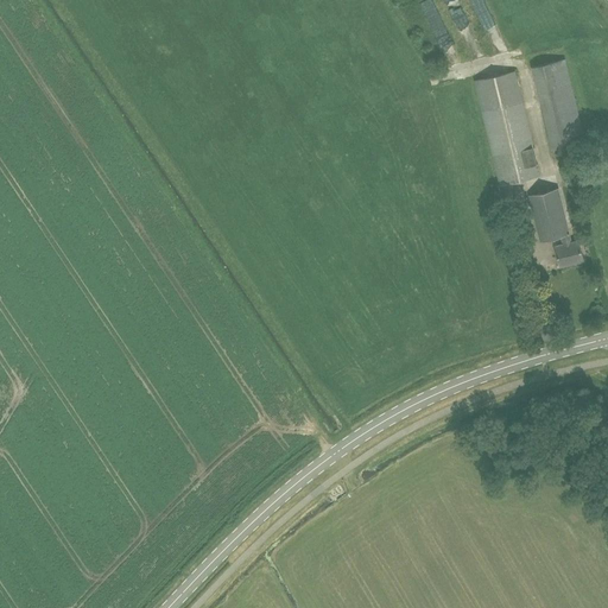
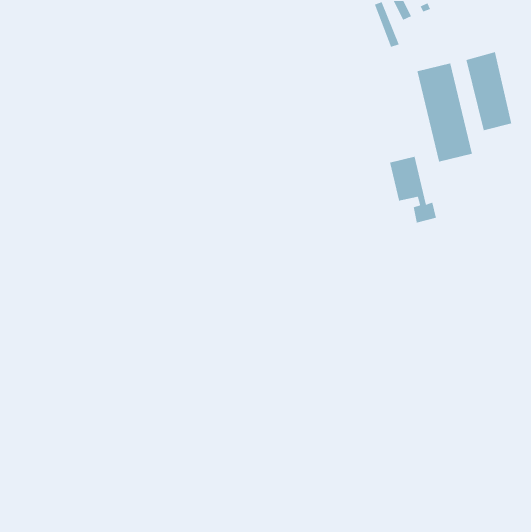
building: [528,189,583,266] -> [389,156,437,223]

